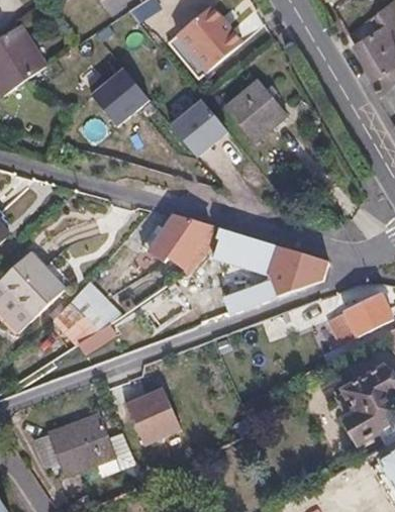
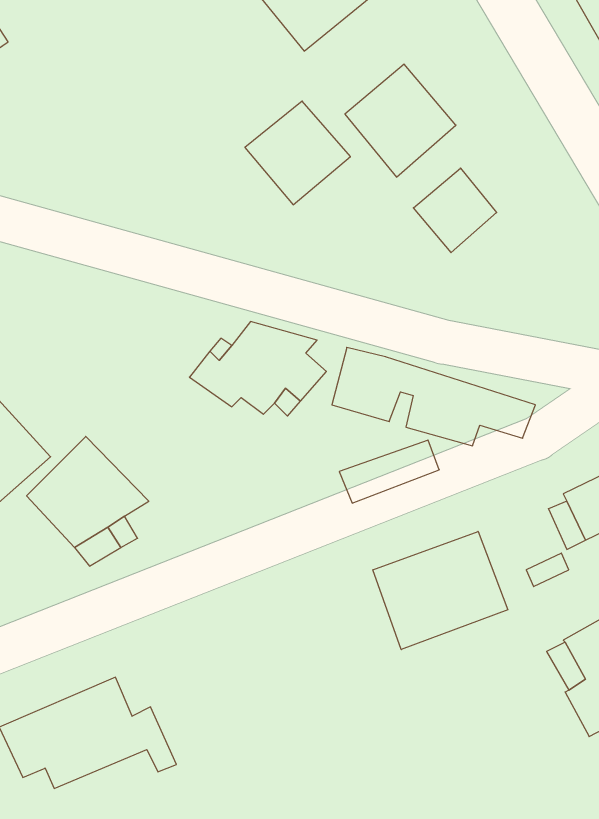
building: [85,64,142,121] -> none
building: none -> [413,168,497,253]
building: none -> [373,531,508,650]
building: [125,390,181,446] -> none

